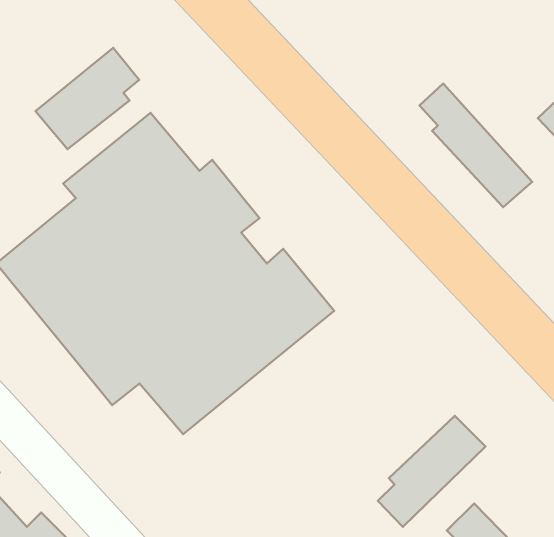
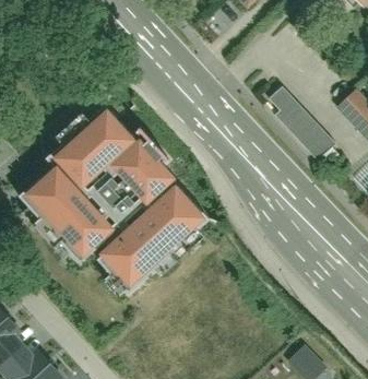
building: [36,48,139,149] -> none
building: [378,416,486,527] -> none

